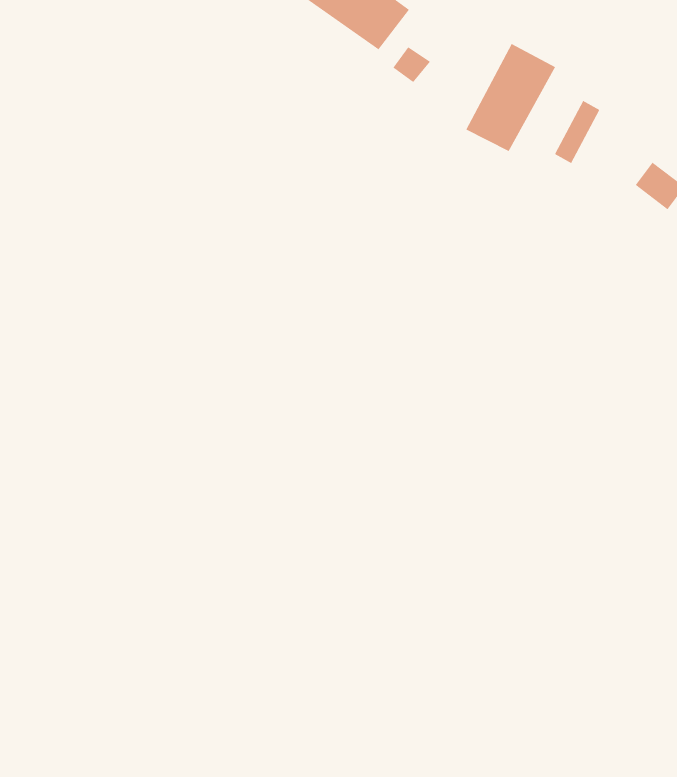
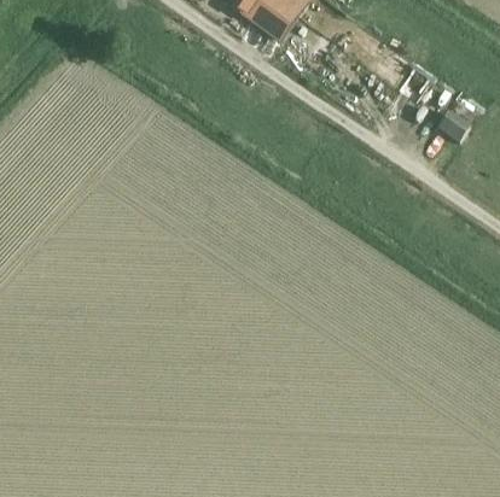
building: [466,43,556,152] -> none

